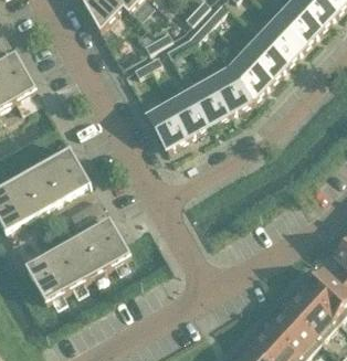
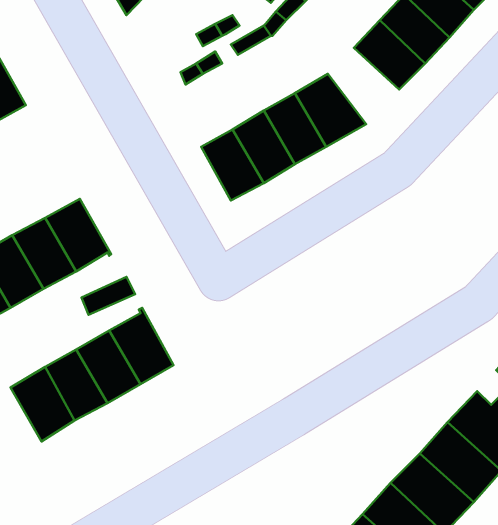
building: [228,50,273,98] -> none

